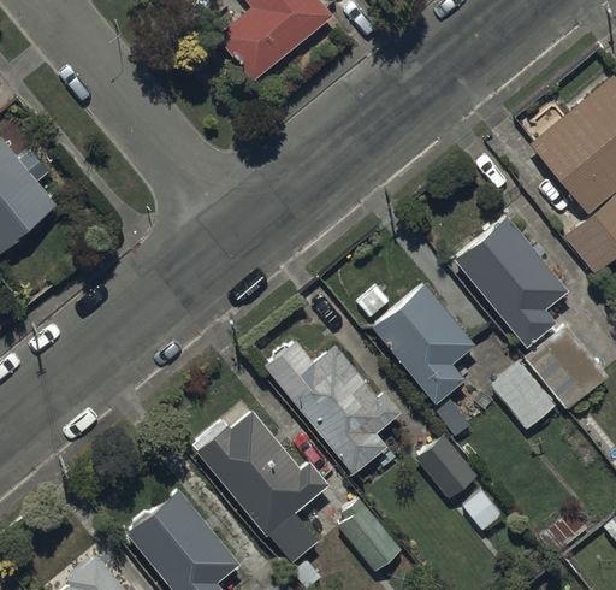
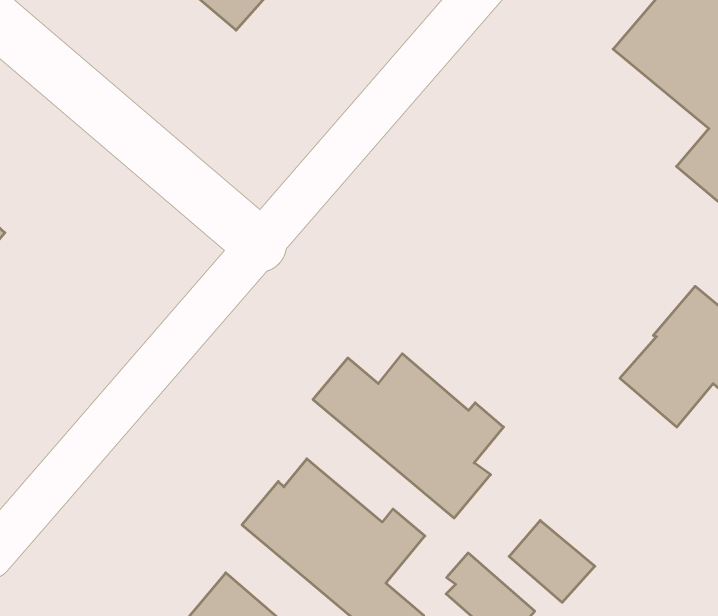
building: [455,214,568,347] -> none
building: [371,283,474,439] -> none
building: [416,437,479,501] -> [509,520,595,602]

